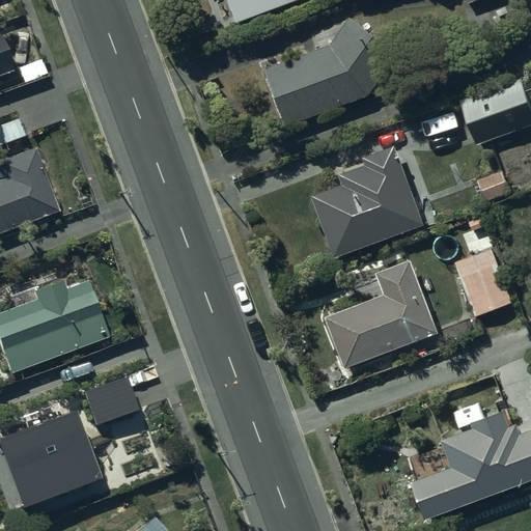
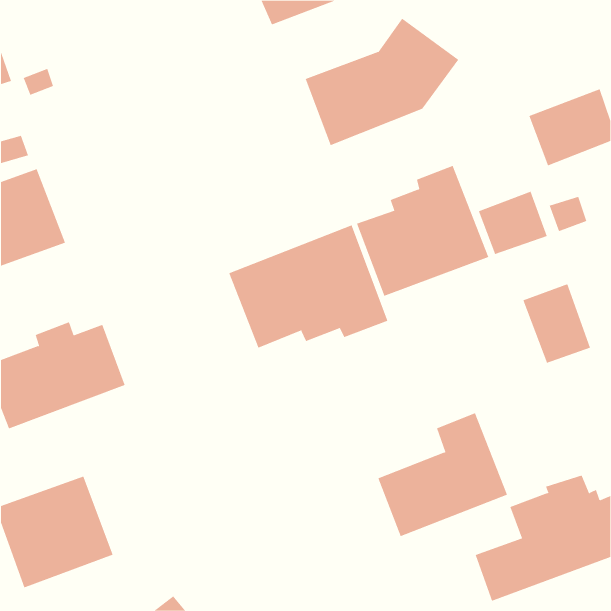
building: none -> [478,191,548,255]
building: none -> [229,225,388,349]
building: [324,259,437,367] -> [378,412,508,537]
building: [82,379,137,425] -> none

